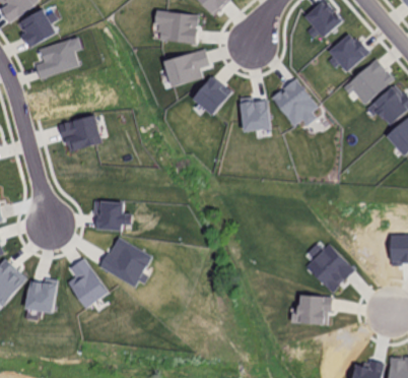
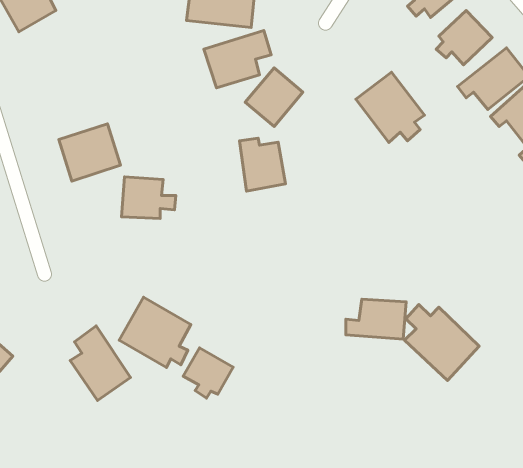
building: [35,35,85,80] -> none
building: [240,96,272,133] -> [239,138,285,191]
building: [94,201,133,231] -> [121,177,176,218]
building: none -> [183,348,233,398]
building: [25,277,59,314] -> none
building: [289,297,332,325] -> [346,299,406,339]

